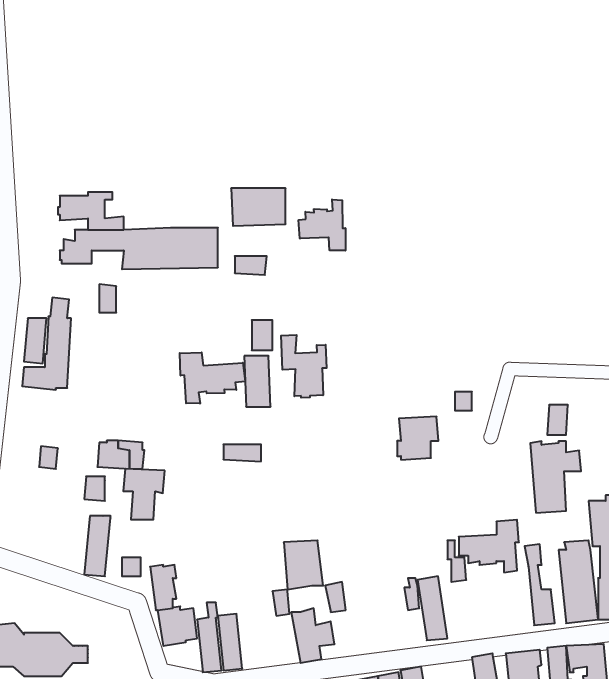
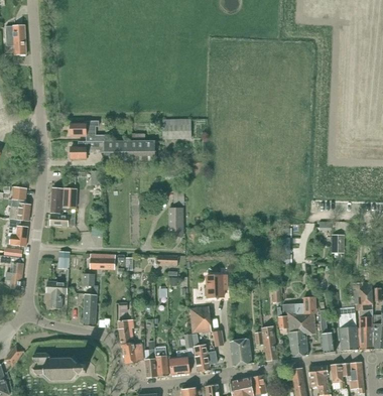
building: [299,199,345,251] -> none
building: [281,335,327,398] -> none
building: [180,352,245,404] -> none
building: [397,417,438,460] -> [205,275,227,298]
building: [530,441,581,513] -> [288,318,315,357]
building: [123,469,165,520] -> [45,281,68,308]
building: none -> [229,339,252,367]
building: none -> [169,350,188,376]

